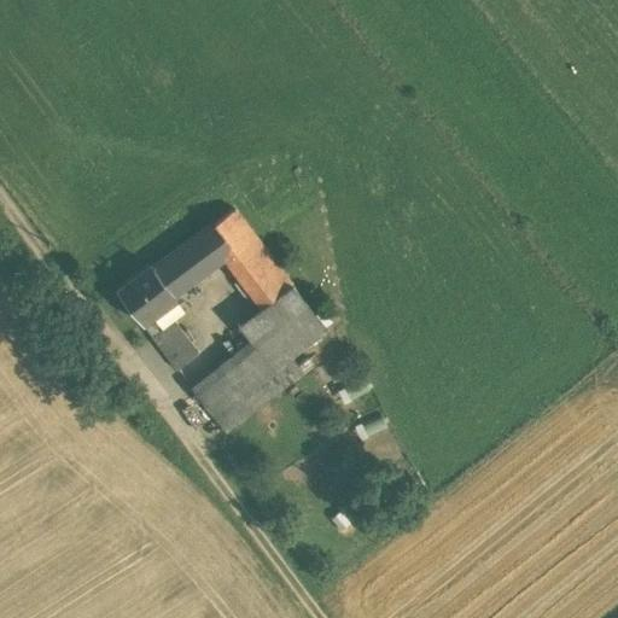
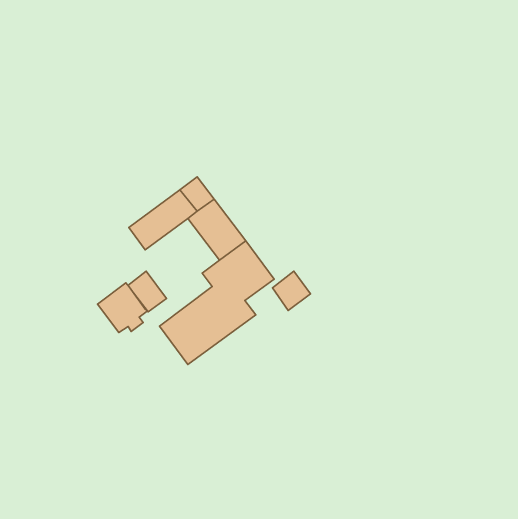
building: [116,266,175,325] -> [98,283,147,333]
building: none -> [273,271,310,310]

